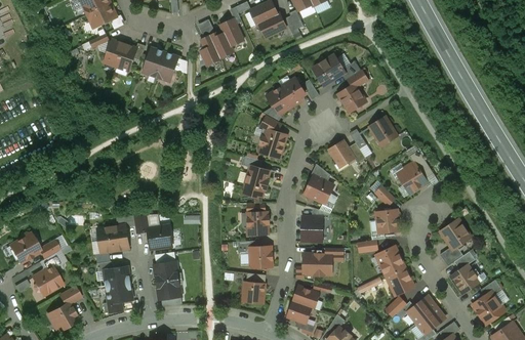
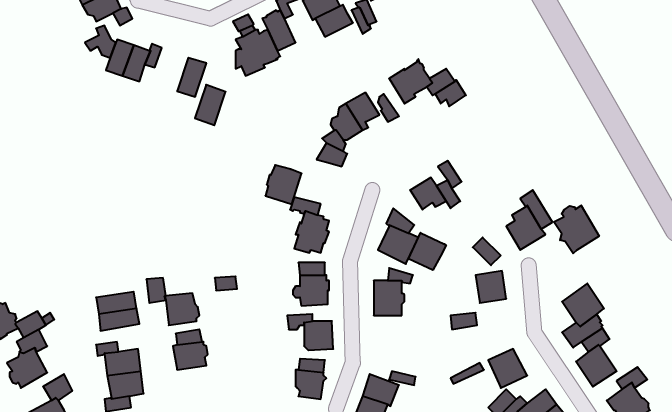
building: [143,48,165,78] -> [195,85,226,125]
building: [338,84,366,113] -> none
building: [369,118,397,146] -> none
building: [259,130,286,159] -> [265,165,302,204]
building: none -> [554,205,599,253]
building: none -> [409,233,446,270]
building: [376,247,404,275] -> none
building: [302,254,332,277] -> none
building: [157,280,183,300] -> none

